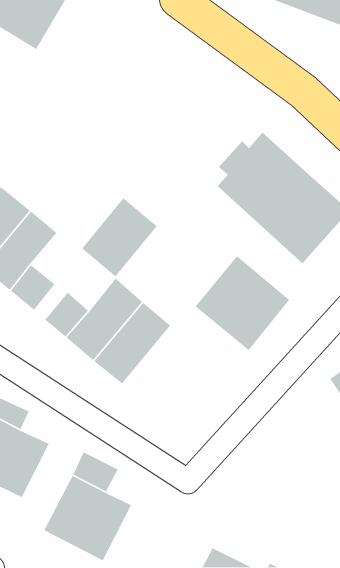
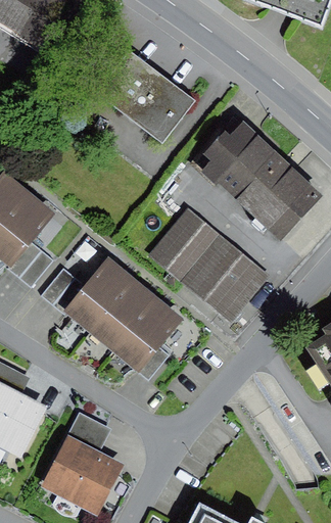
building: none -> [90,45,195,143]
building: [81,197,158,277] -> [149,207,220,281]
building: none -> [114,298,184,380]

